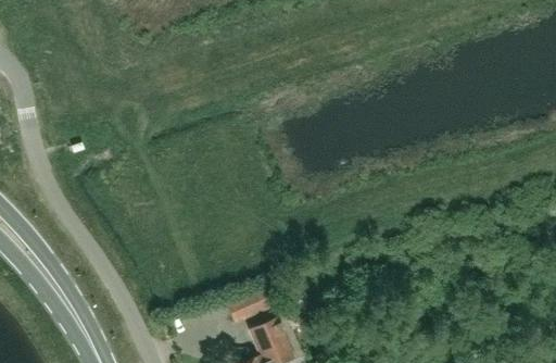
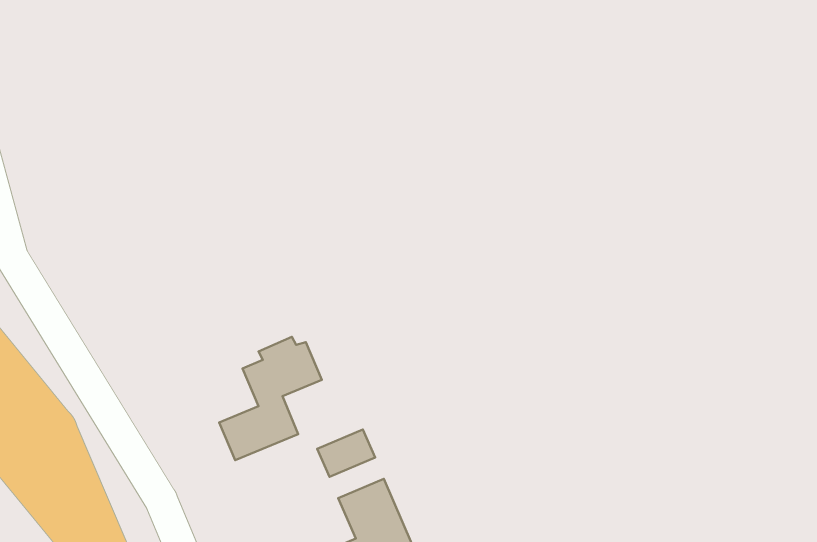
building: none -> [219,337,322,460]

